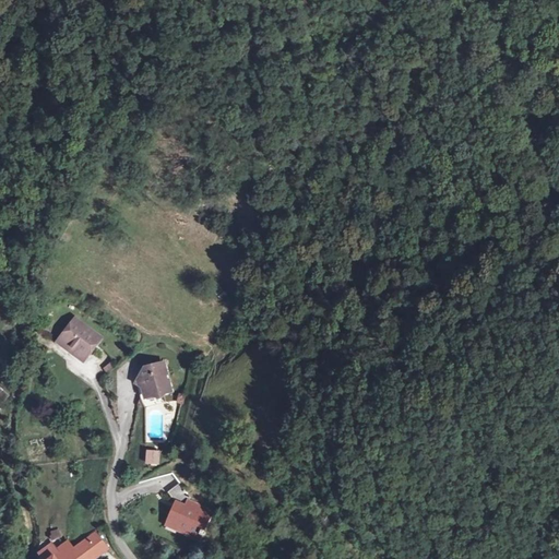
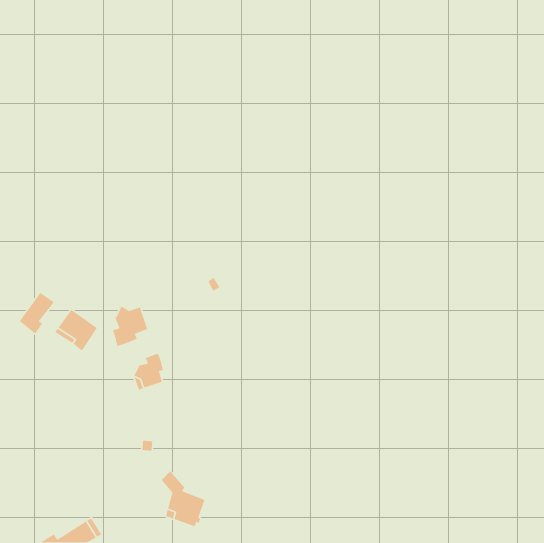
building: none -> [19,292,55,335]
building: none -> [112,305,148,347]

